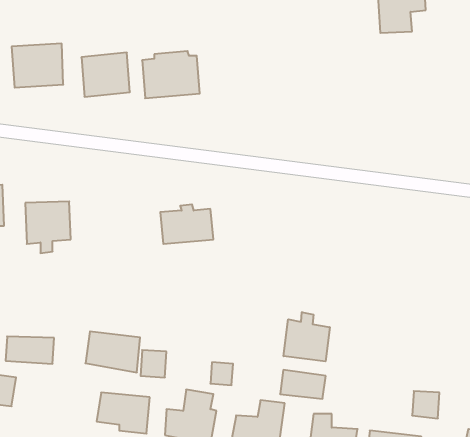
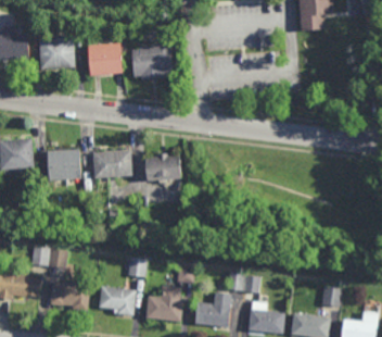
building: none -> [91,150,131,178]
building: [284,312,330,361] -> none
building: [85,331,140,372] -> [50,280,89,310]

